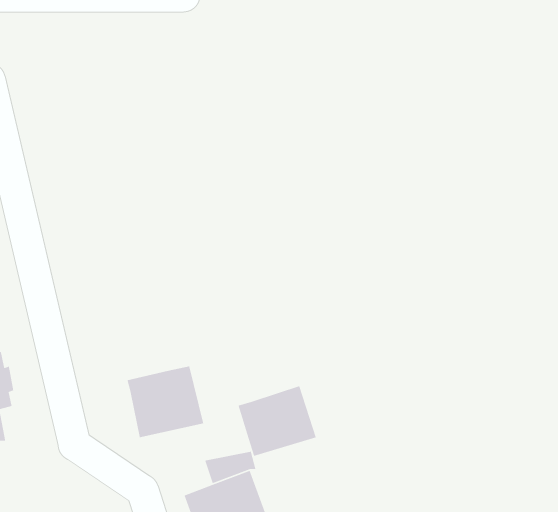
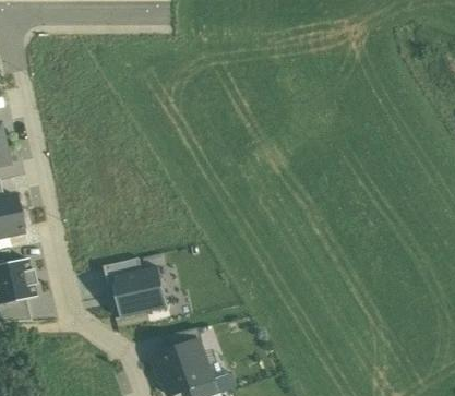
building: none -> [100,256,142,288]
building: [237,385,317,457] -> none

